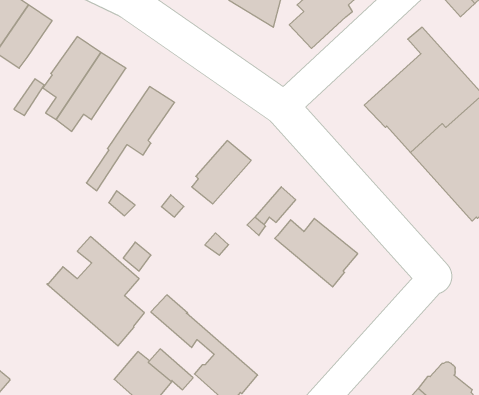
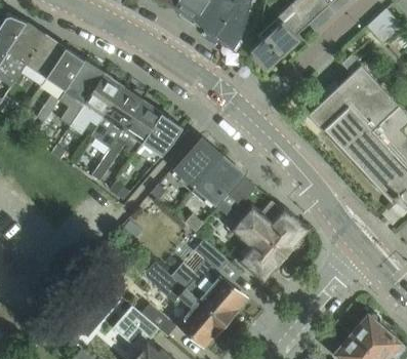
building: none -> [45,48,84,89]
building: none -> [90,85,140,148]
building: none -> [139,112,181,155]
building: none -> [190,157,239,205]
building: [47,237,144,346] -> [169,239,245,324]
building: none -> [229,217,283,279]

